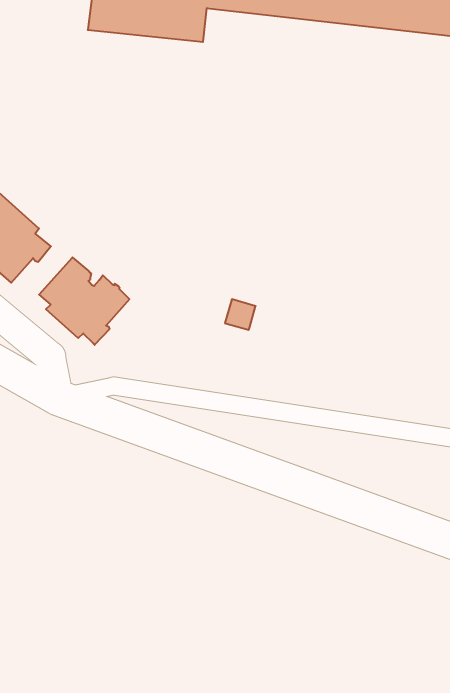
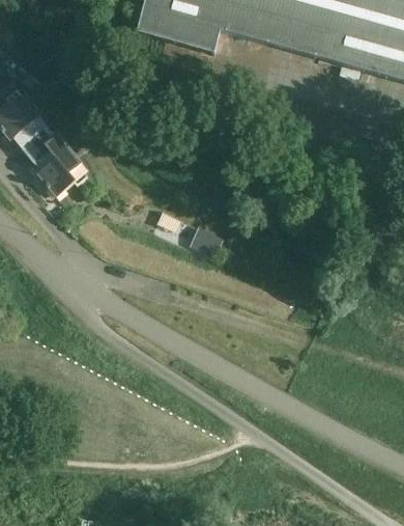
building: [39,257,129,345] -> none

